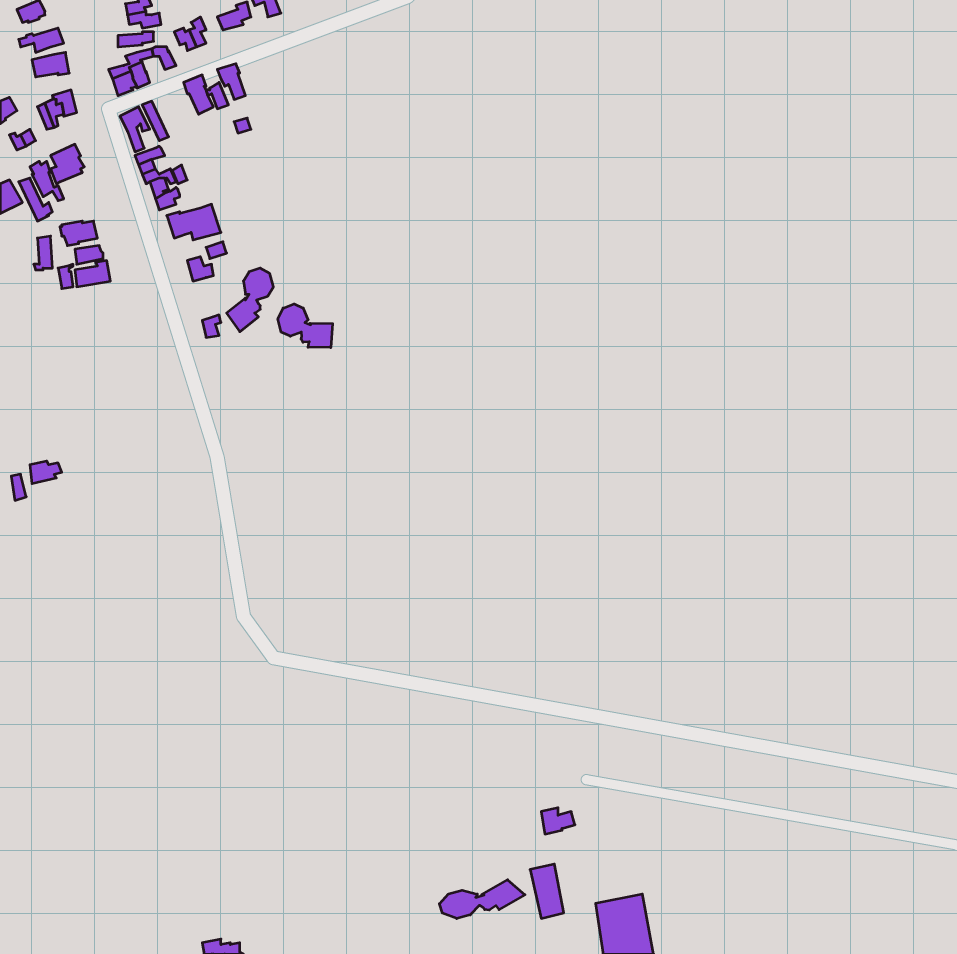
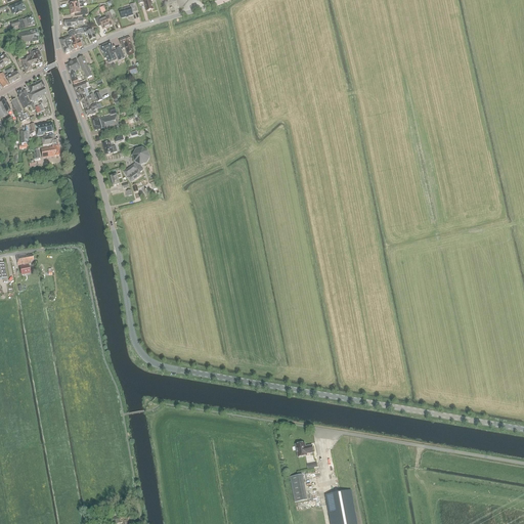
building: [278,304,333,348] -> none
building: [439,880,525,919] -> none

